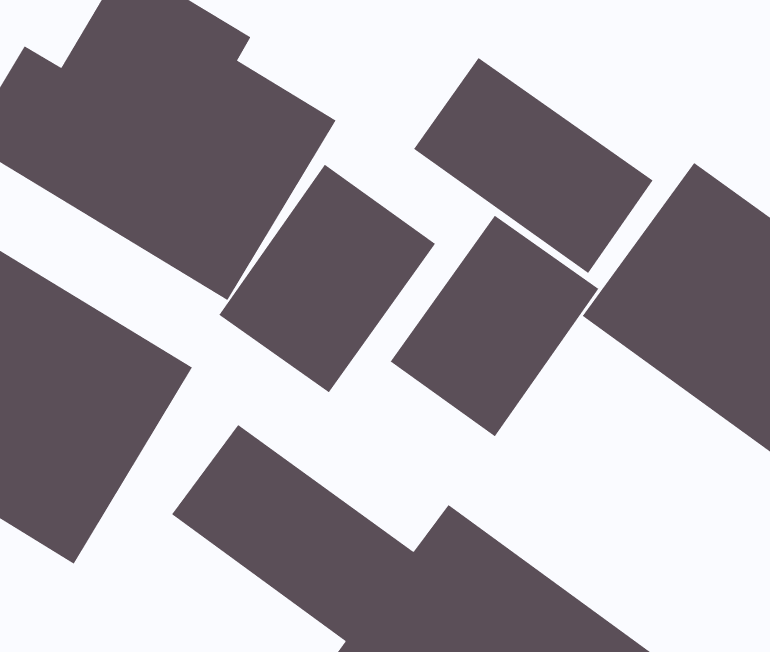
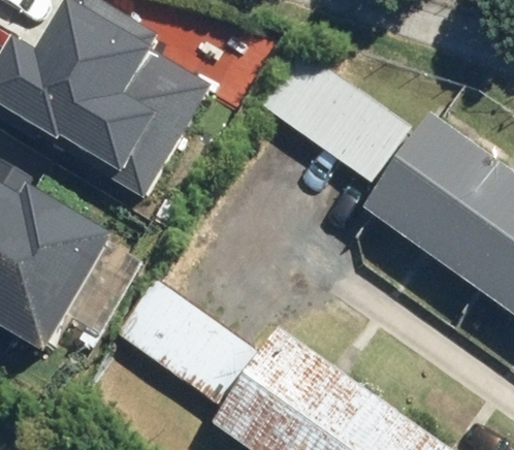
building: [219,164,436,393] -> none
building: [390,215,599,437] -> none

